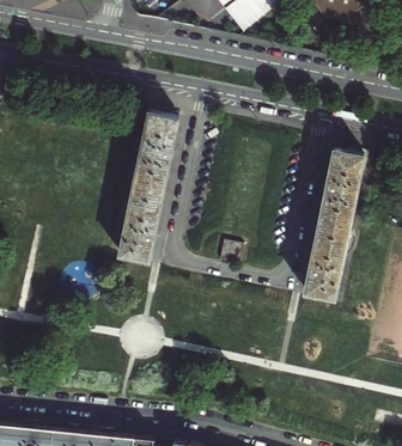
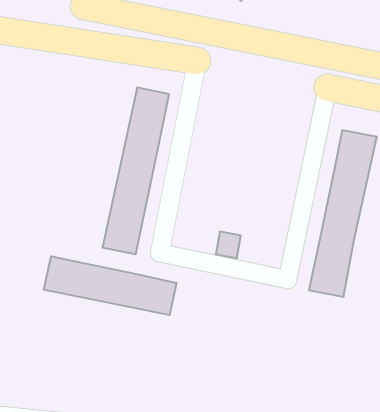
building: none -> [44,256,176,315]

